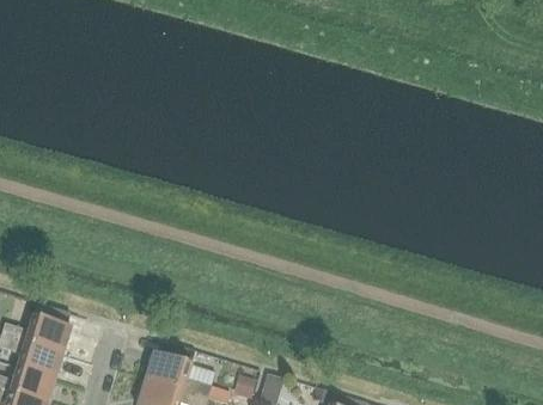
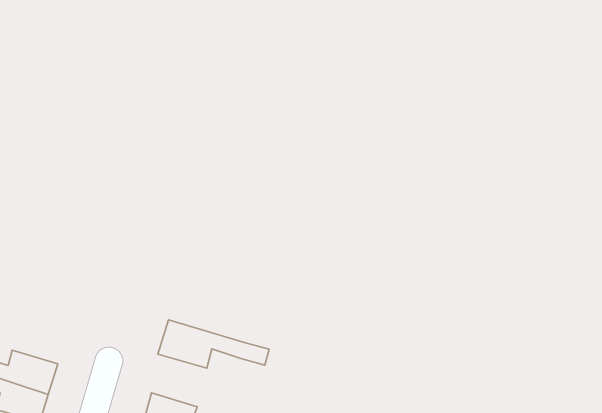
building: none -> [158,320,269,368]

